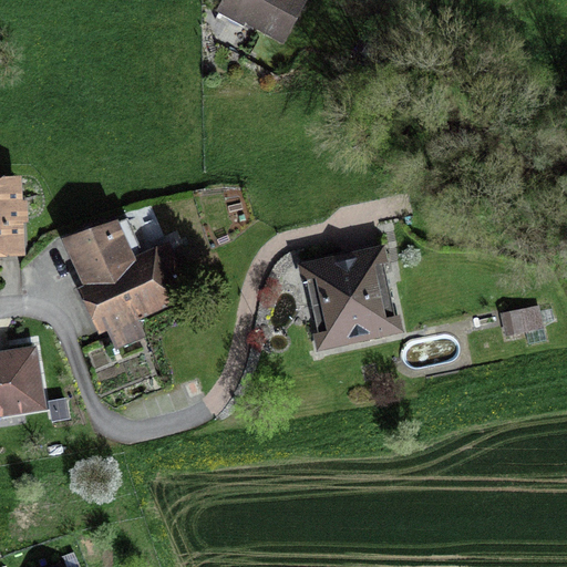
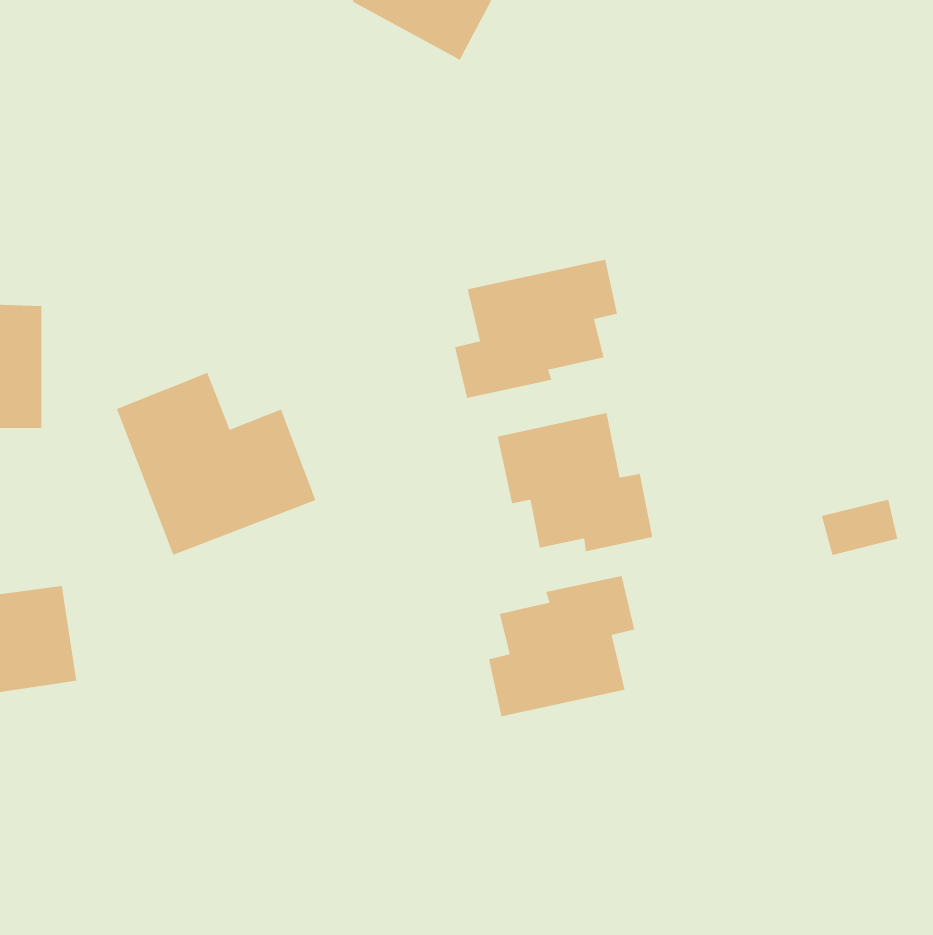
building: none -> [454,259,618,399]
building: none -> [488,575,635,717]

